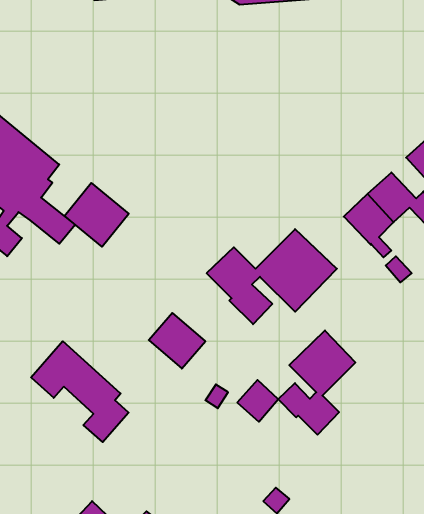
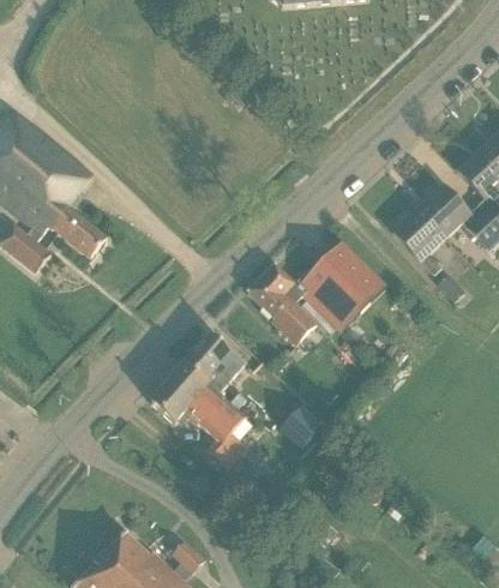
building: [65,183,129,247] -> none
building: [278,330,355,435] -> none
building: [31,341,129,442] -> [150,362,253,469]

